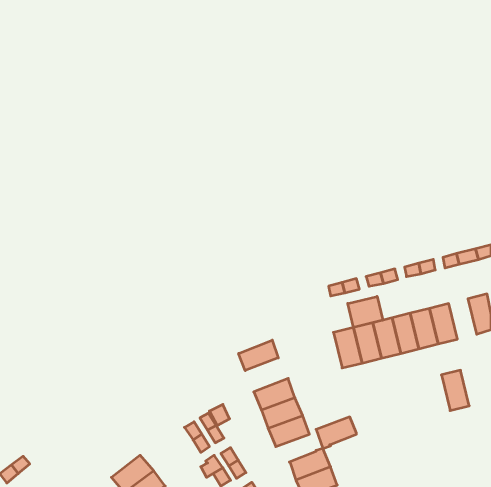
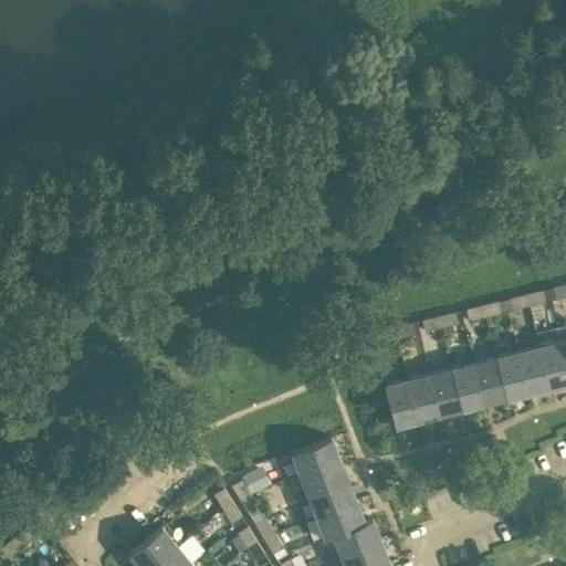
building: [348,296,383,327] -> none
building: [239,340,278,371] -> none
building: [441,370,469,411] -> [516,348,548,395]
building: [316,417,356,449] -> [317,504,364,541]

